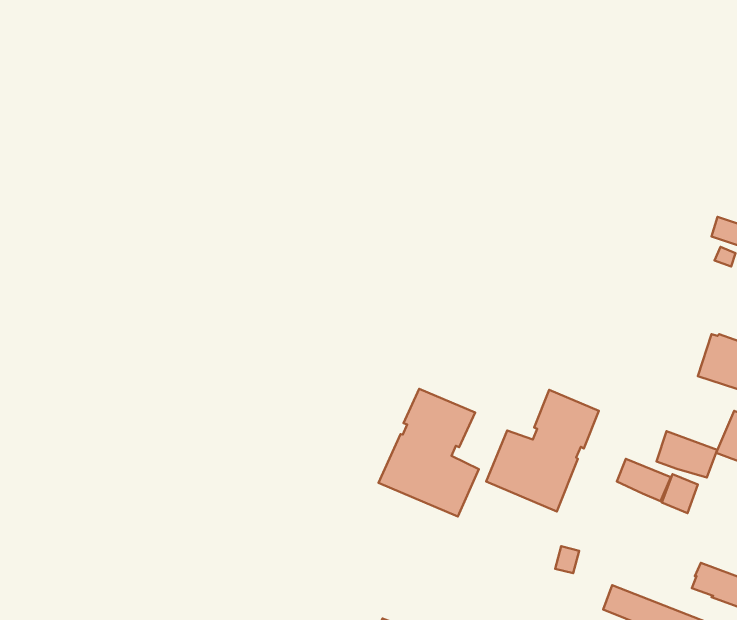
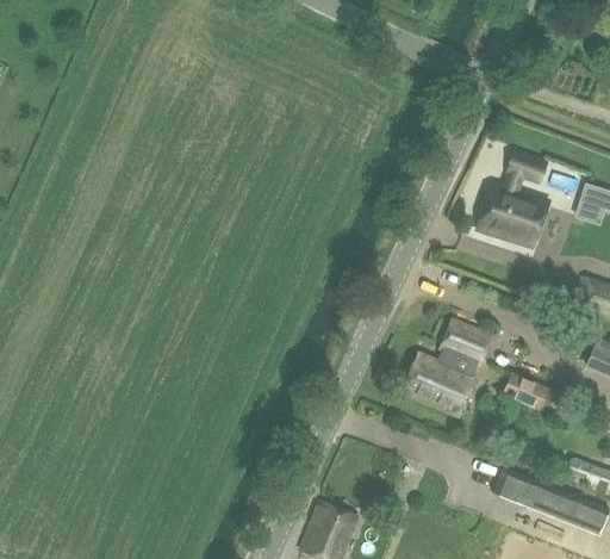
building: none -> [477,149,549,246]
building: [378,389,479,517] -> none
building: [656,431,717,478] -> none

